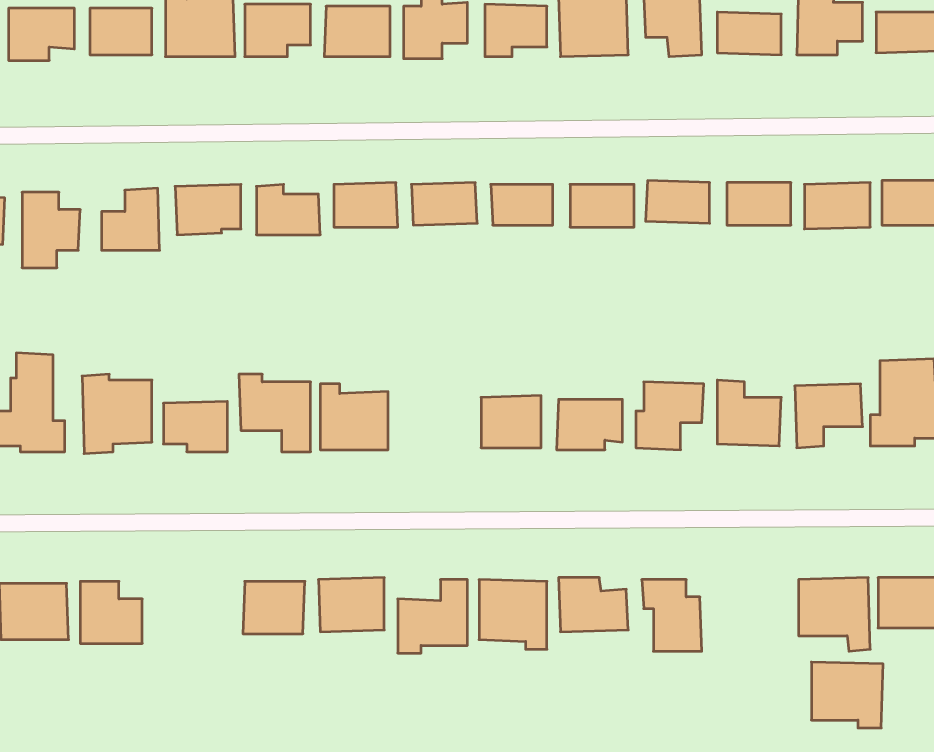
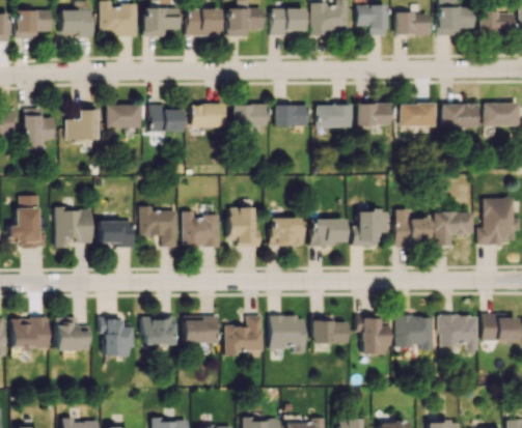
building: none -> [228,207,259,247]
building: none -> [99,318,131,356]
building: [811,662,883,728] -> [395,315,434,350]

